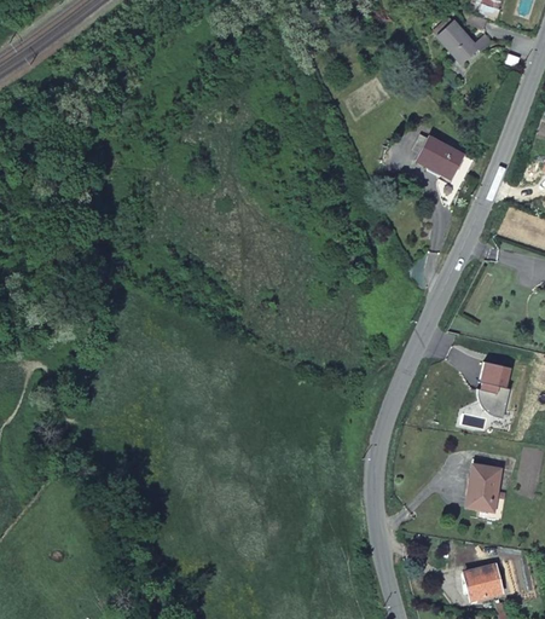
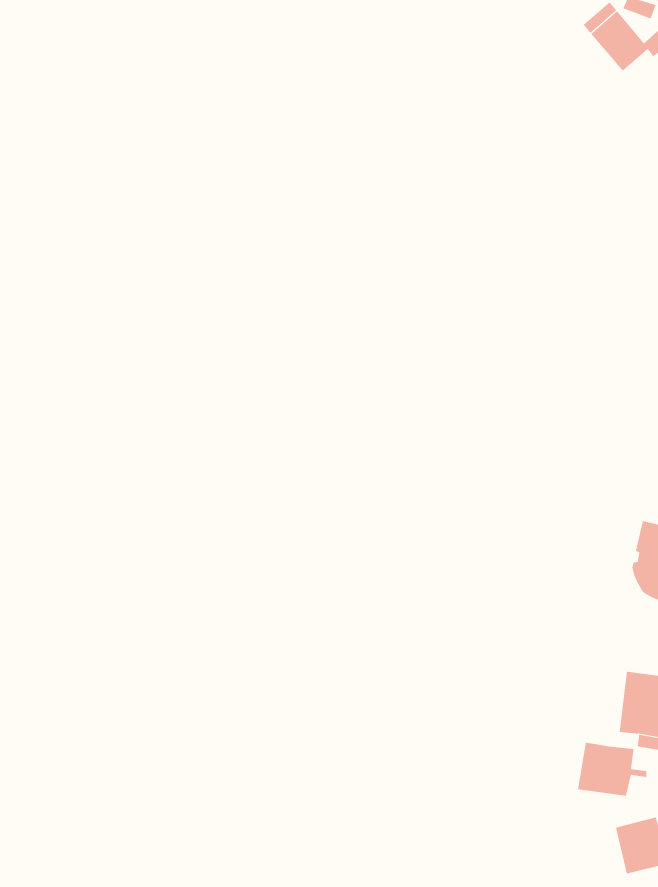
building: [416,133,463,179] -> none
building: none -> [578,742,647,796]

